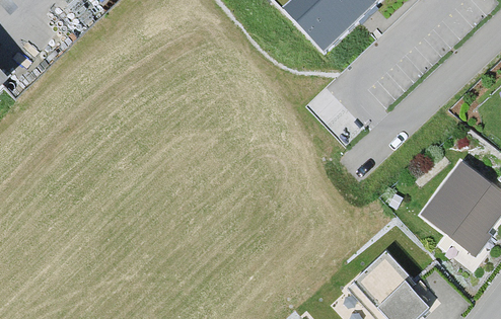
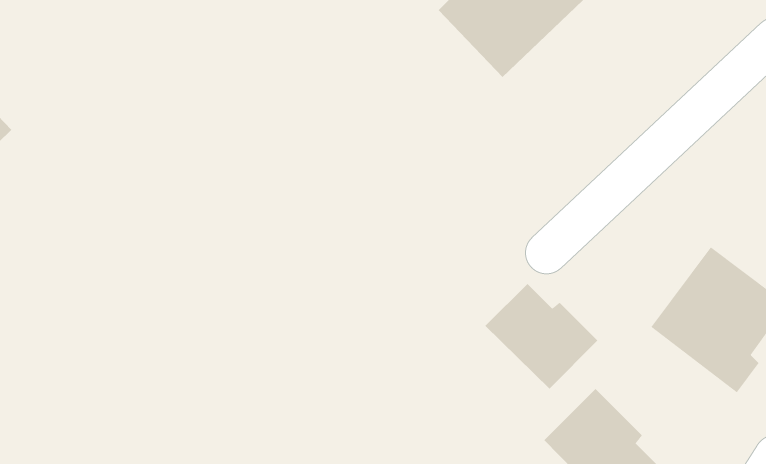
building: none -> [485,283,598,389]

